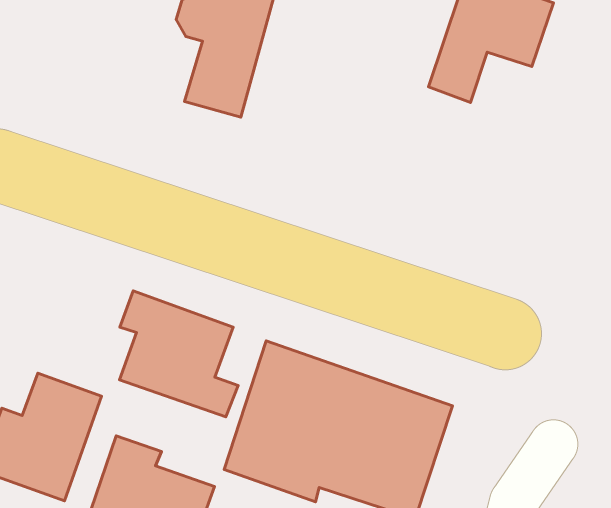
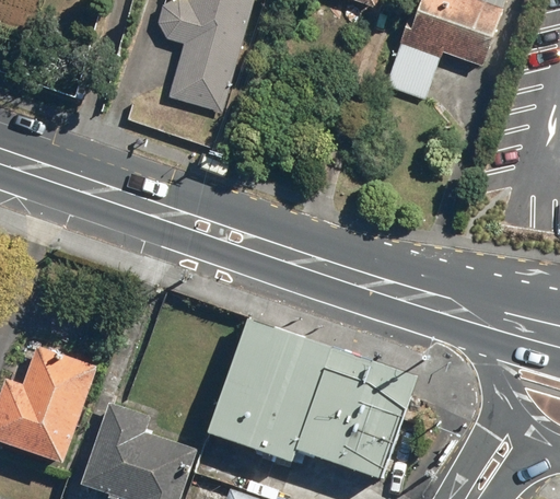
building: [119,291,238,417] -> none

